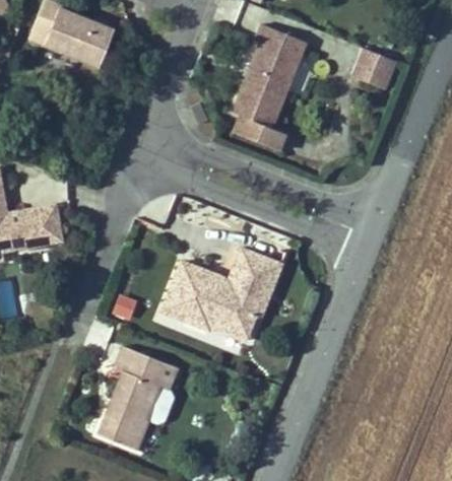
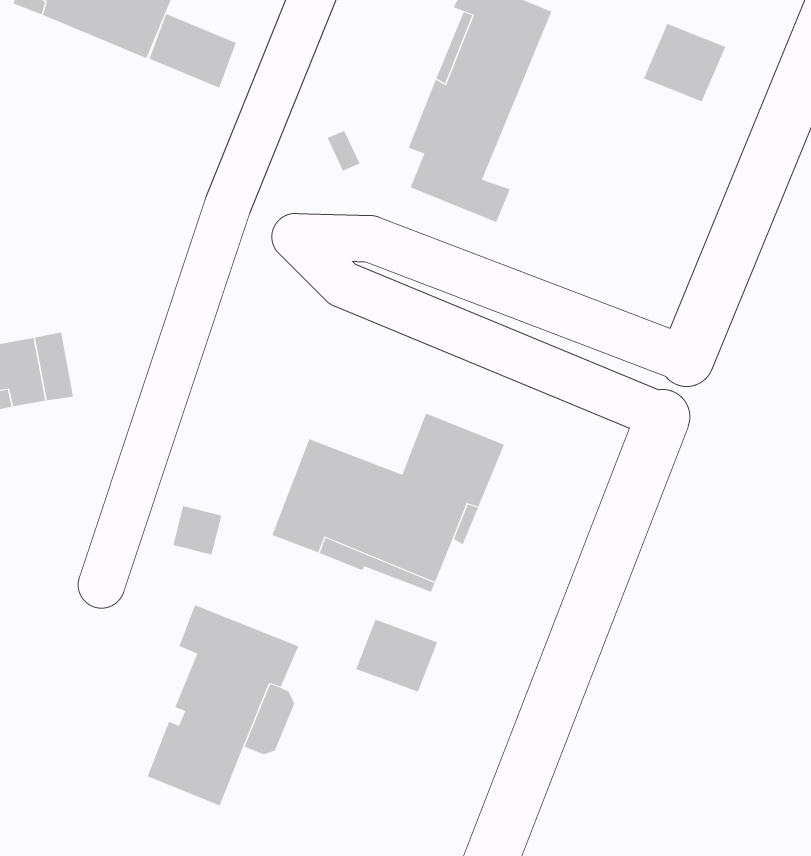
building: none -> [149,13,237,89]
building: none -> [355,619,438,692]

